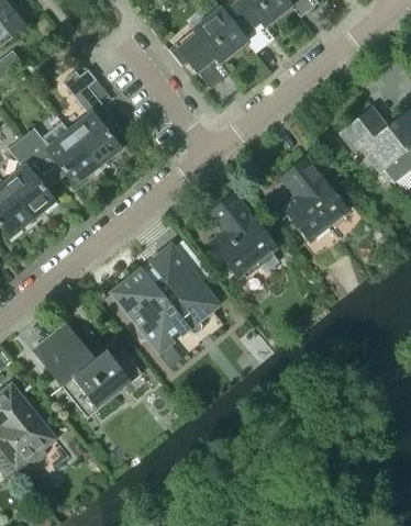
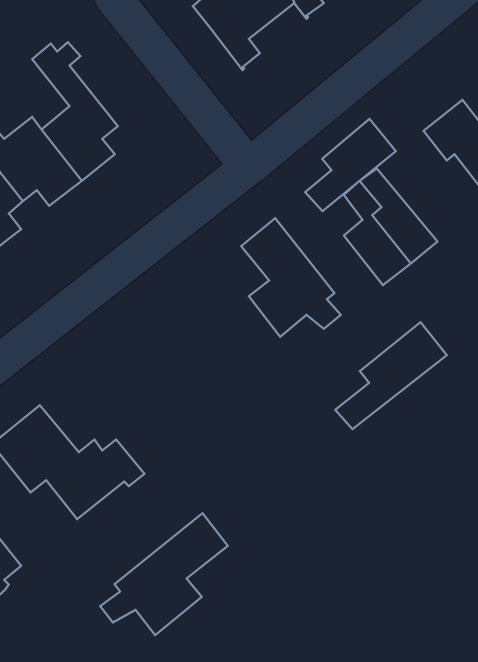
building: none -> [305,119,396,211]
building: [114,248,213,349] -> none
building: none -> [335,322,447,429]
building: none -> [100,513,228,635]

